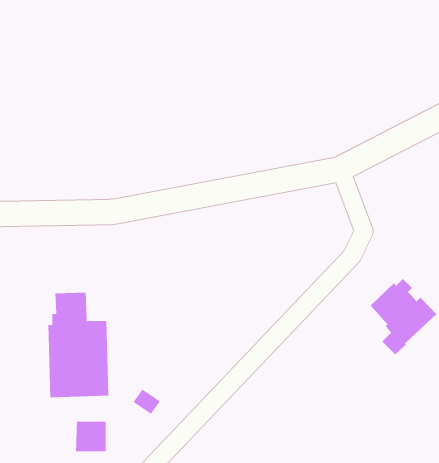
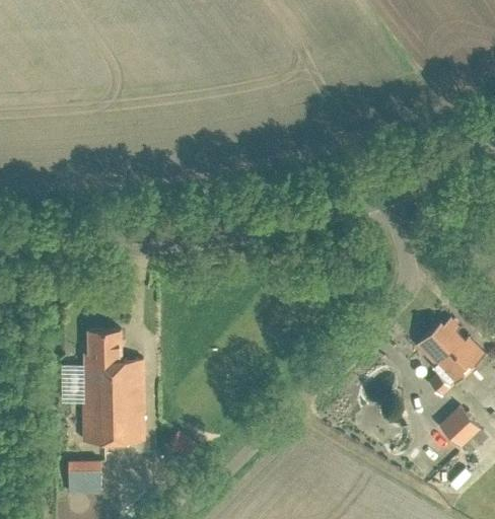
building: none -> [439,406,481,448]
building: [75,421,106,452] -> [69,462,101,495]

